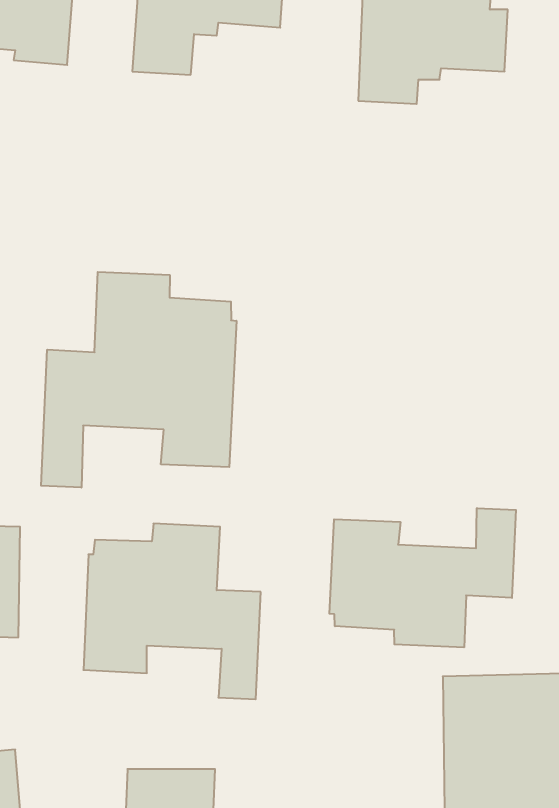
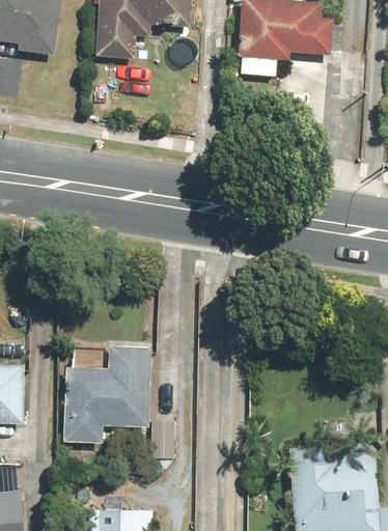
building: [41,272,236,488] -> none
building: [329,508,516,647] -> none

